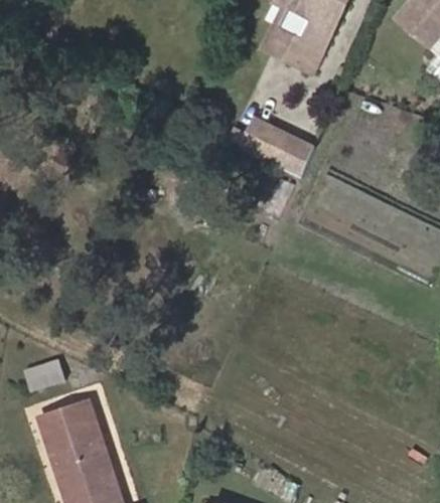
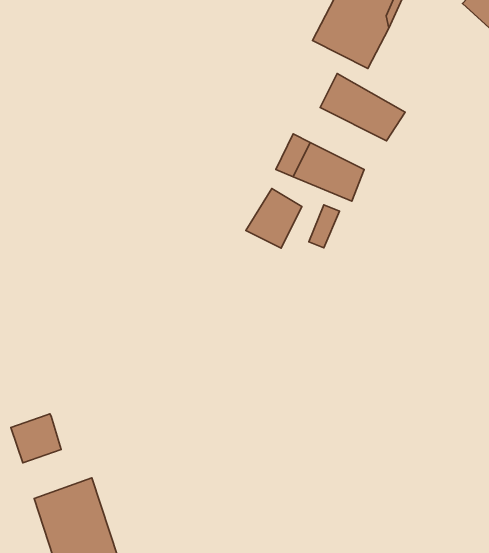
building: none -> [320,73,405,141]
building: none -> [246,189,302,248]

